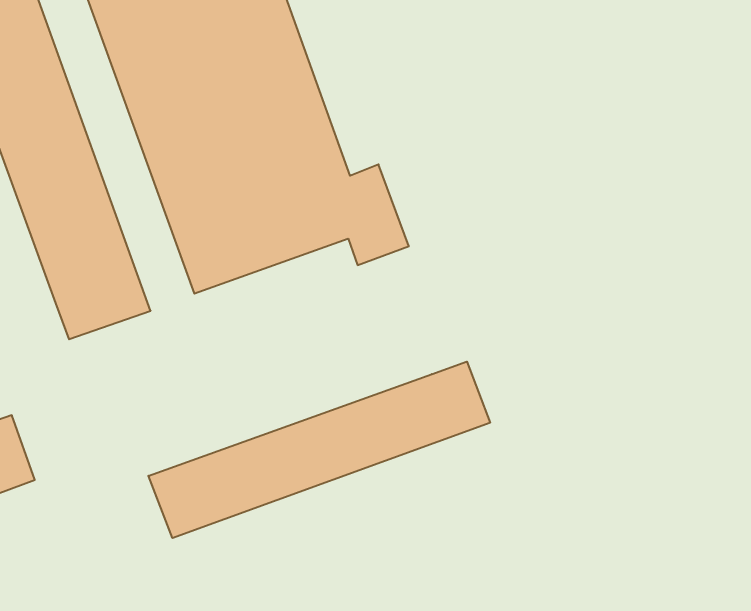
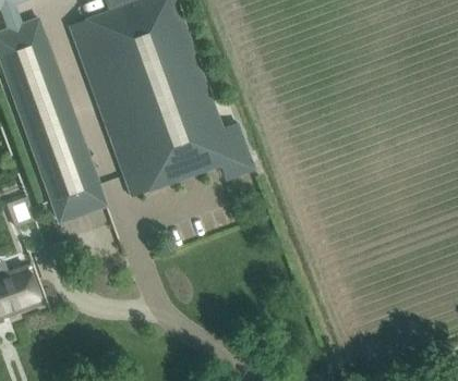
building: [148,362,490,538] -> none

